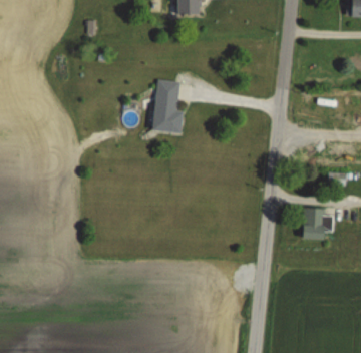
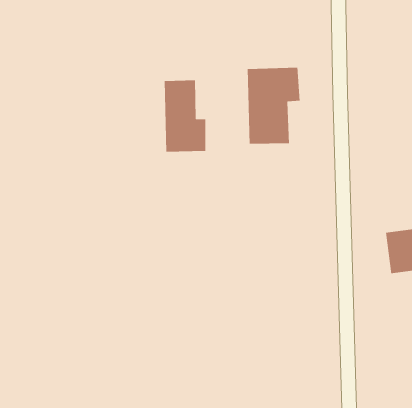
building: none -> [247,67,300,144]

